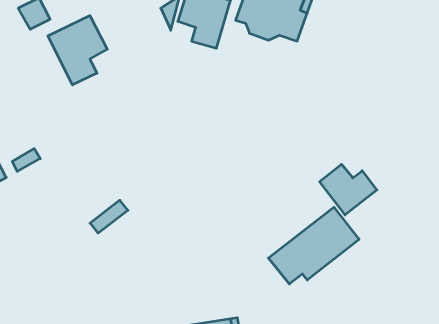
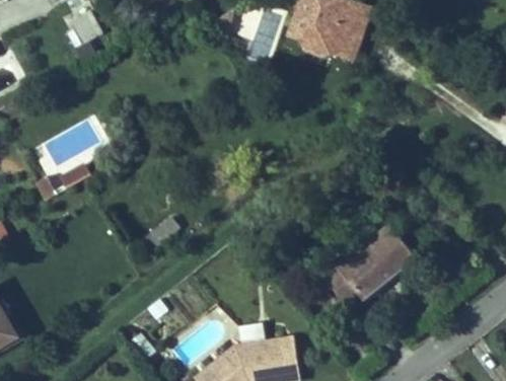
building: [48,16,107,85] -> none
building: [320,164,377,215] -> none

